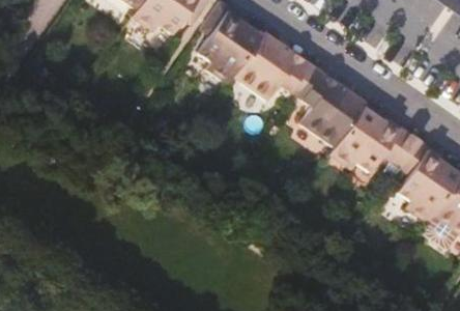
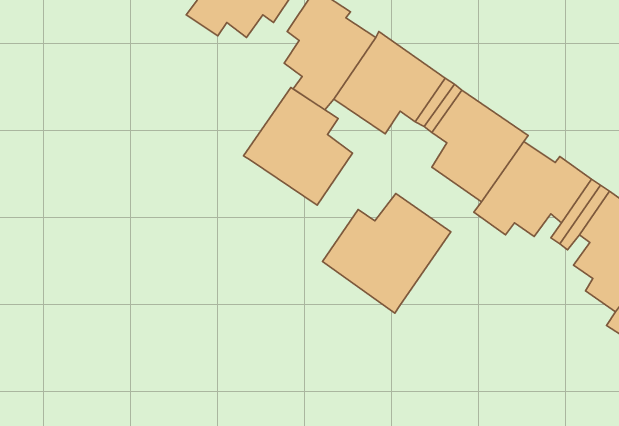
building: none -> [243,87,352,205]
building: none -> [323,194,451,313]

